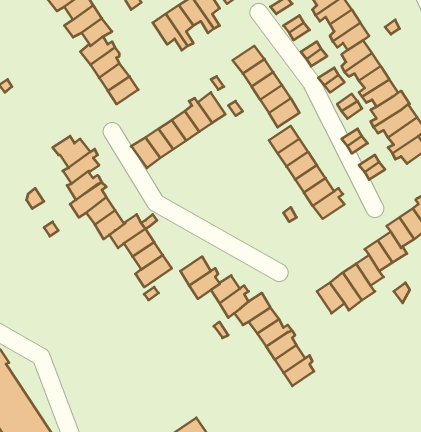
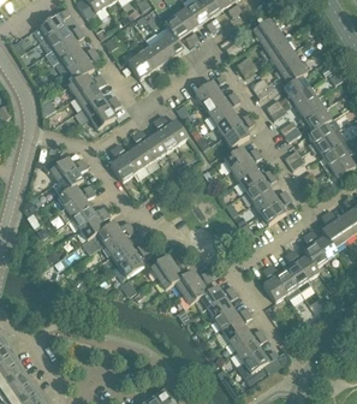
building: none -> [237,349,272,382]

